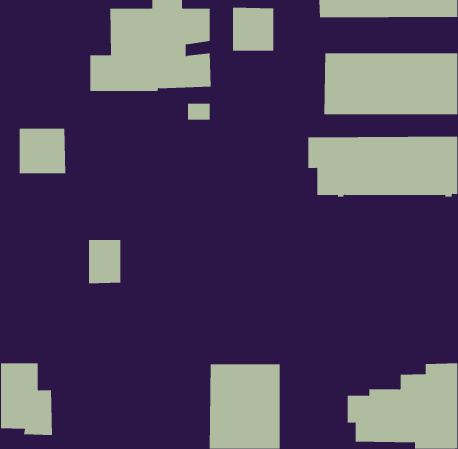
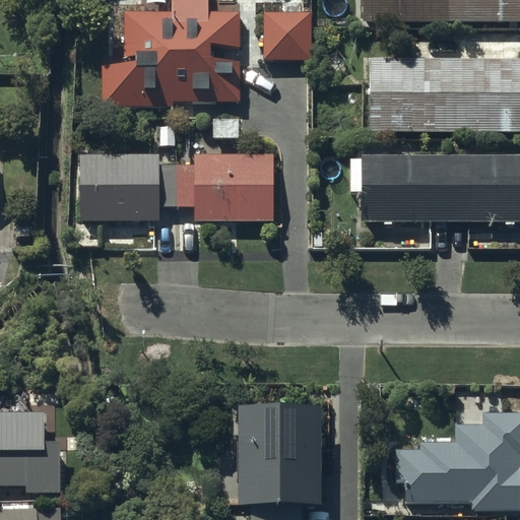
building: [19,128,66,174] -> none
building: none -> [80,150,274,219]
building: [88,239,121,284] -> none

